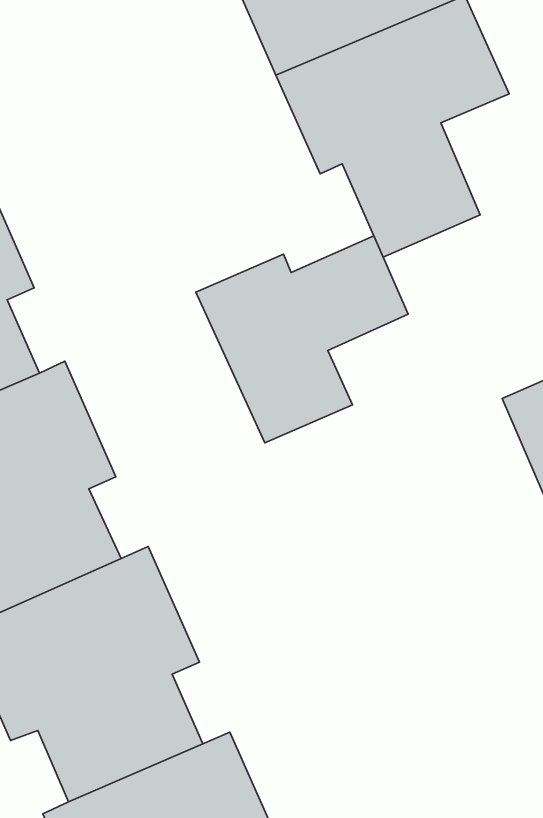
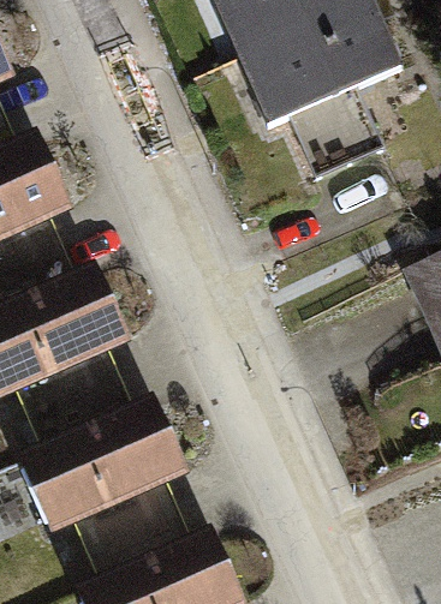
building: [196,236,408,443] -> none

